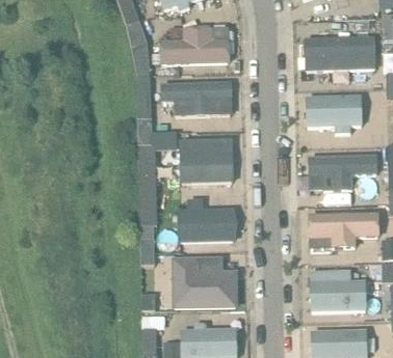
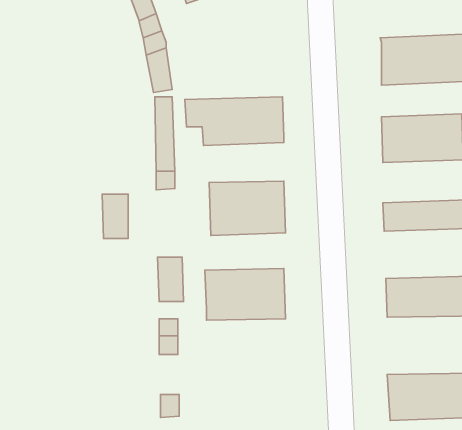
building: [158,23,230,61] -> none
building: [139,164,158,196] -> [102,194,128,239]
building: [168,268,240,309] -> none

